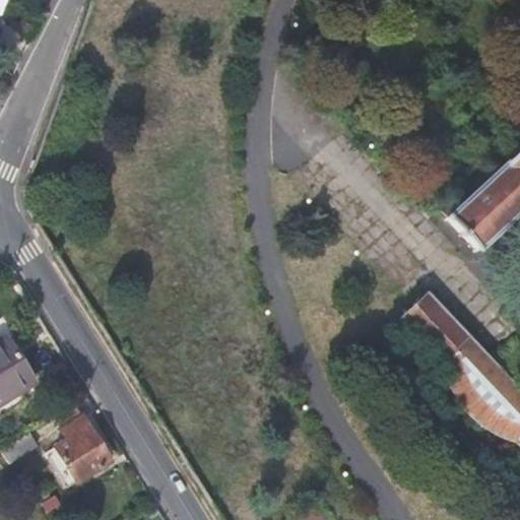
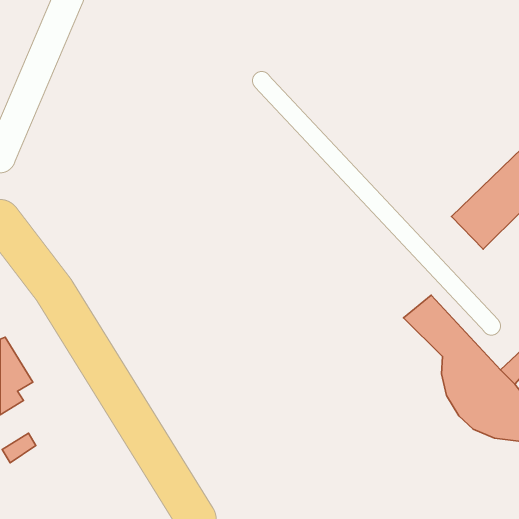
building: [57,413,112,479] -> none

